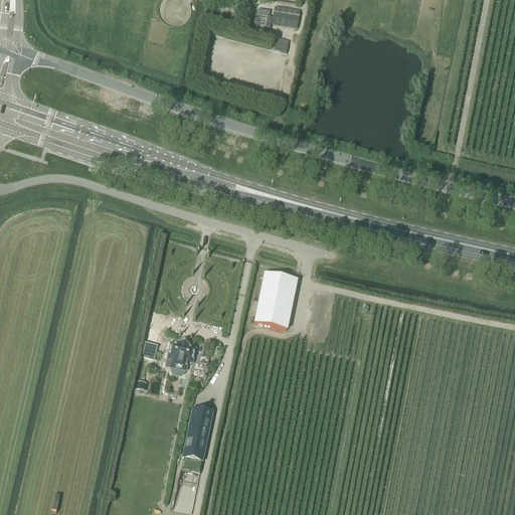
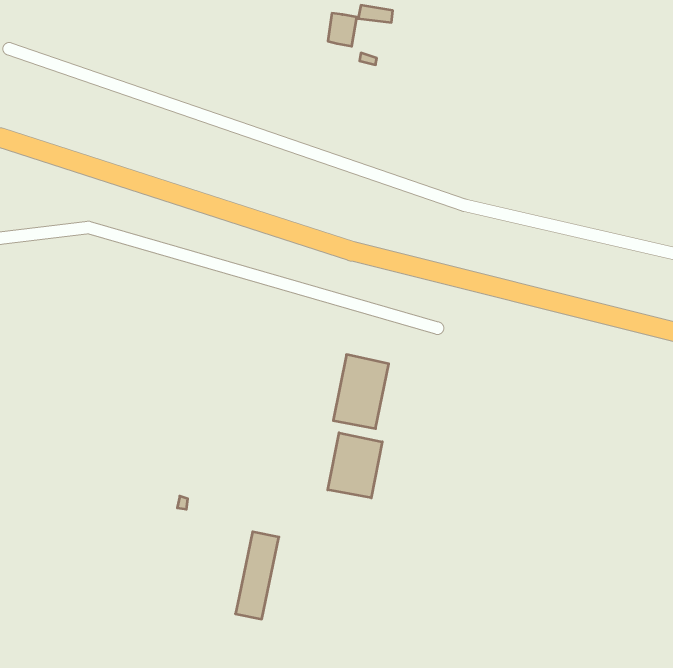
building: none -> [328,433,382,498]
building: [167,338,196,371] -> none

